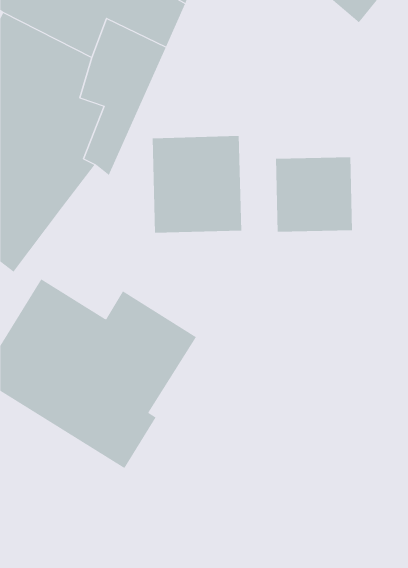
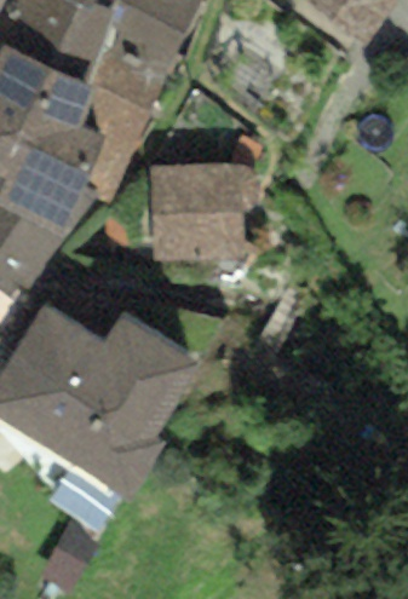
building: [276,156,352,233] -> none

